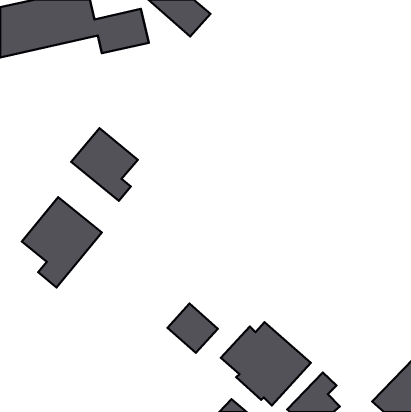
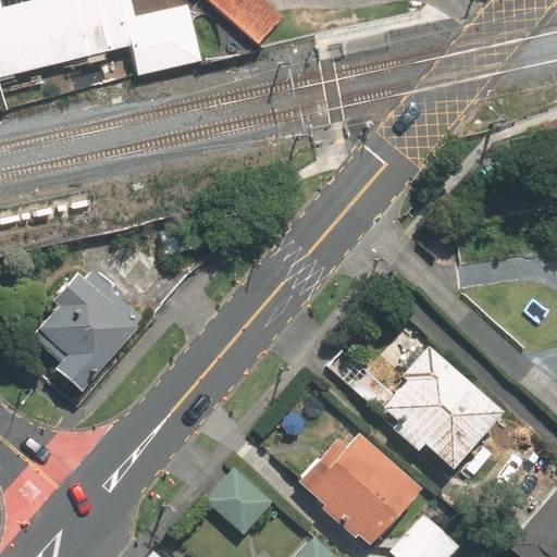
building: [71,128,138,201] -> none
building: none -> [384,345,505,469]
building: [168,304,218,353] -> [207,468,274,534]

